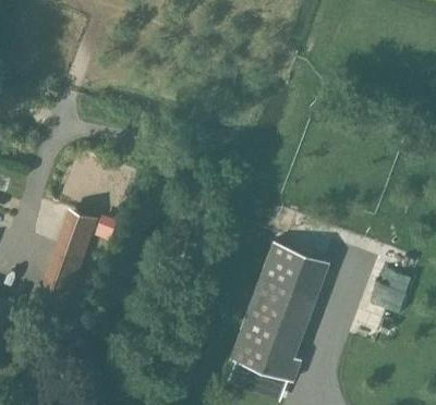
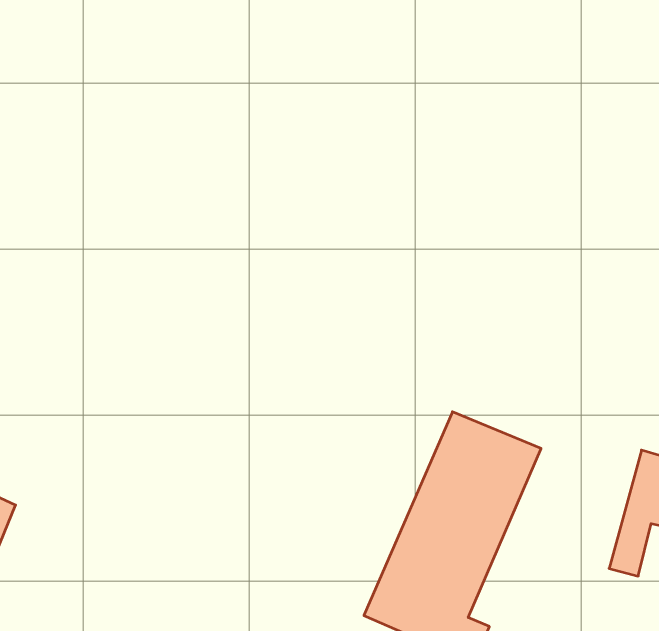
building: [36,211,95,311] -> none

